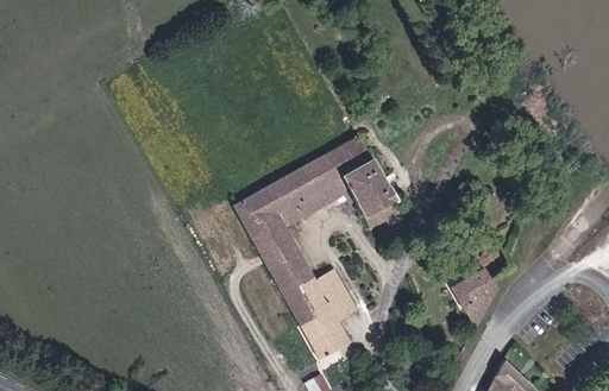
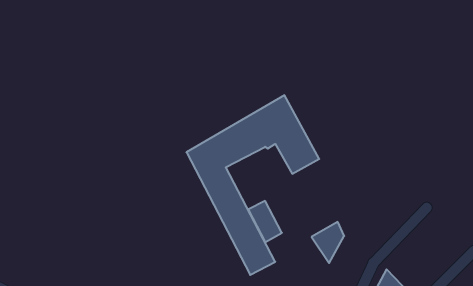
building: [452,271,494,323] -> [312,222,344,263]

